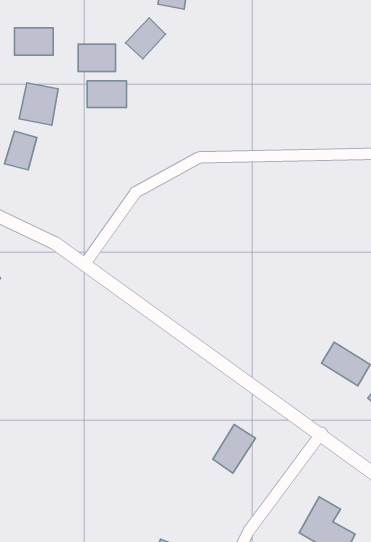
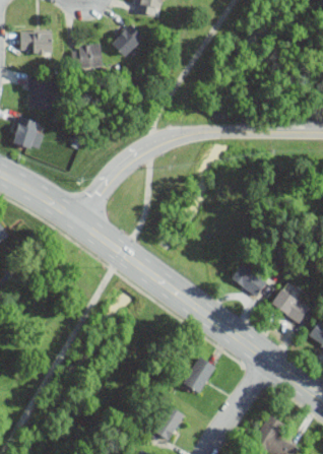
building: [87,81,126,107] -> none
building: none -> [231,263,267,298]
building: none -> [154,405,184,441]

